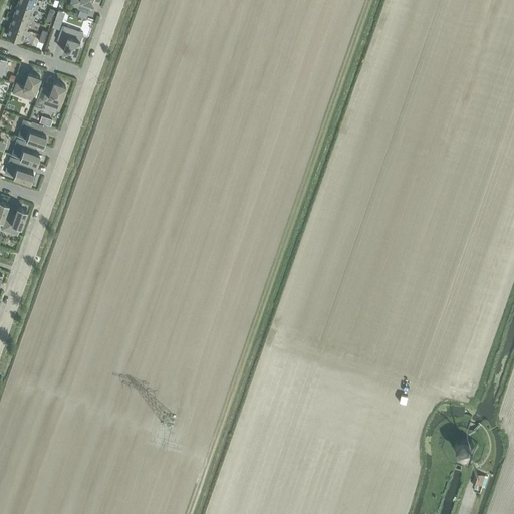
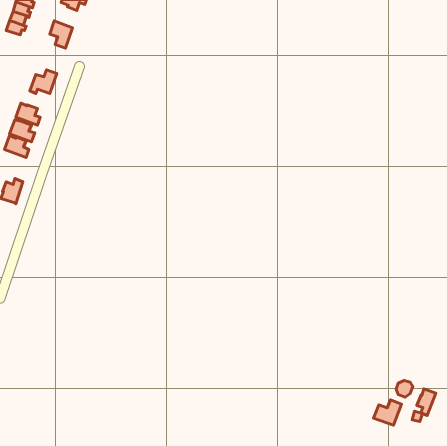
building: [13,71,40,98] -> none
building: none -> [417,389,436,416]
building: none -> [374,400,401,425]

